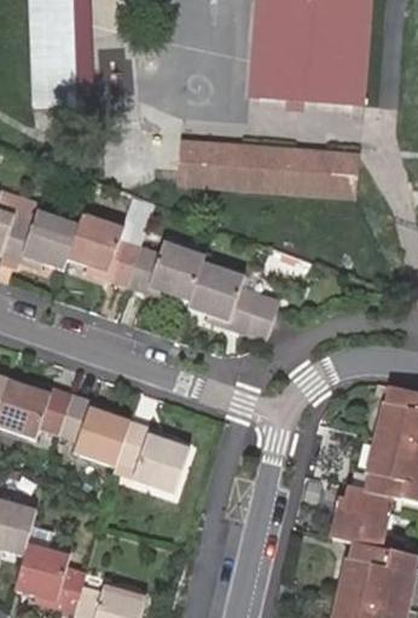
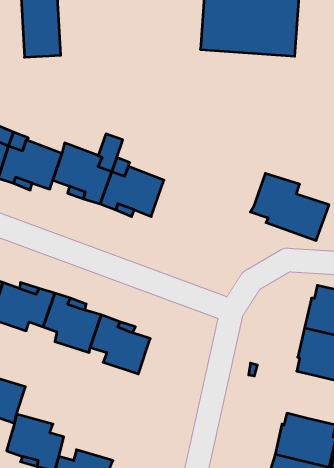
building: [178,136,360,197] -> none
building: [185,260,281,342] -> [250,173,329,240]
building: [336,485,393,548] -> none

